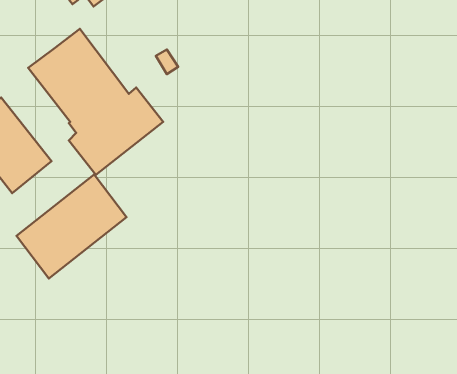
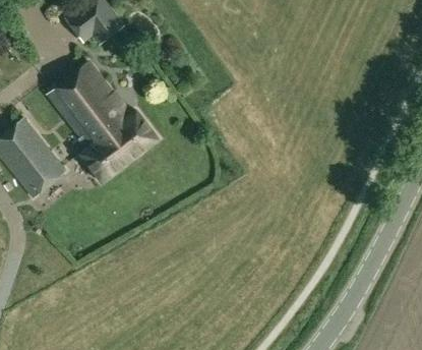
building: [16,175,127,279] -> none

